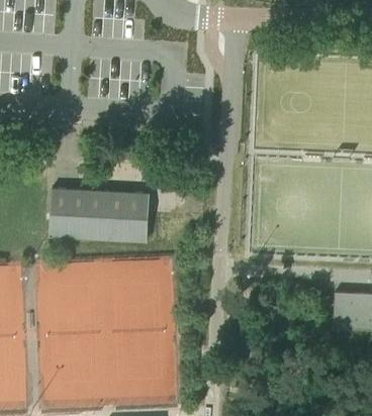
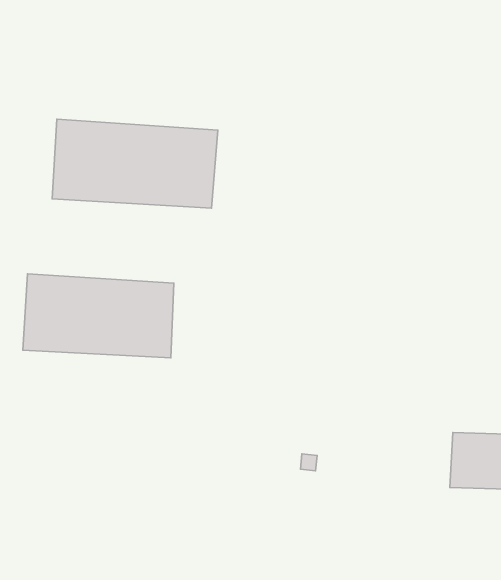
building: none -> [52,119,218,208]

